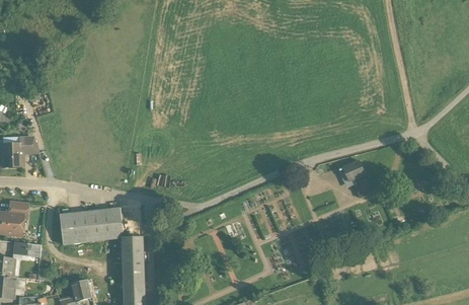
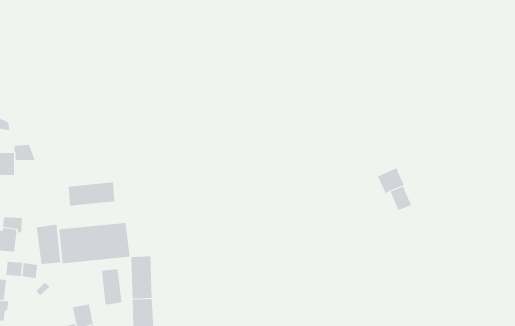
building: none -> [68,182,115,206]
building: none -> [36,224,61,265]
building: none -> [102,269,122,305]

